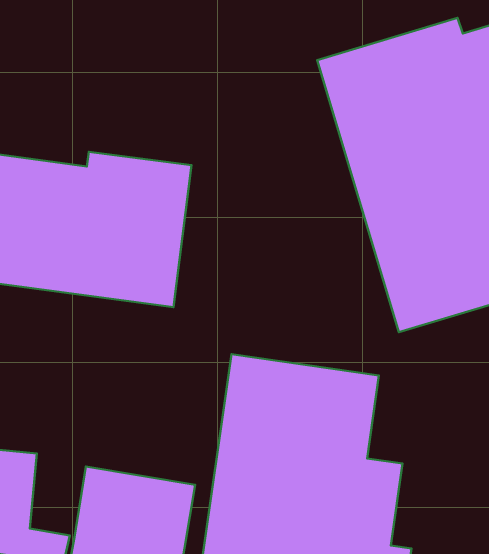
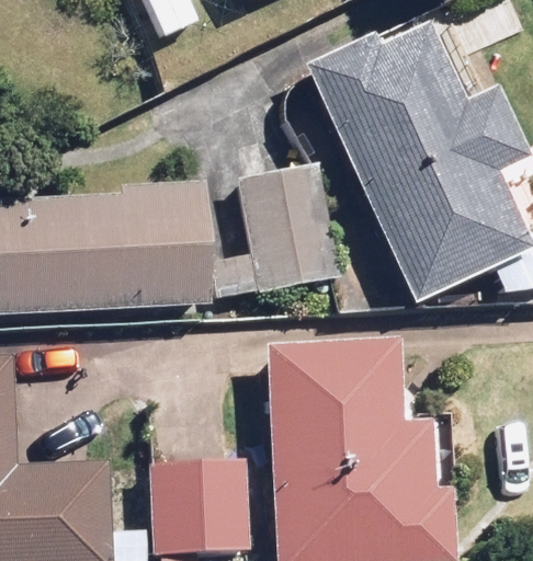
building: none -> [215,164,342,296]

